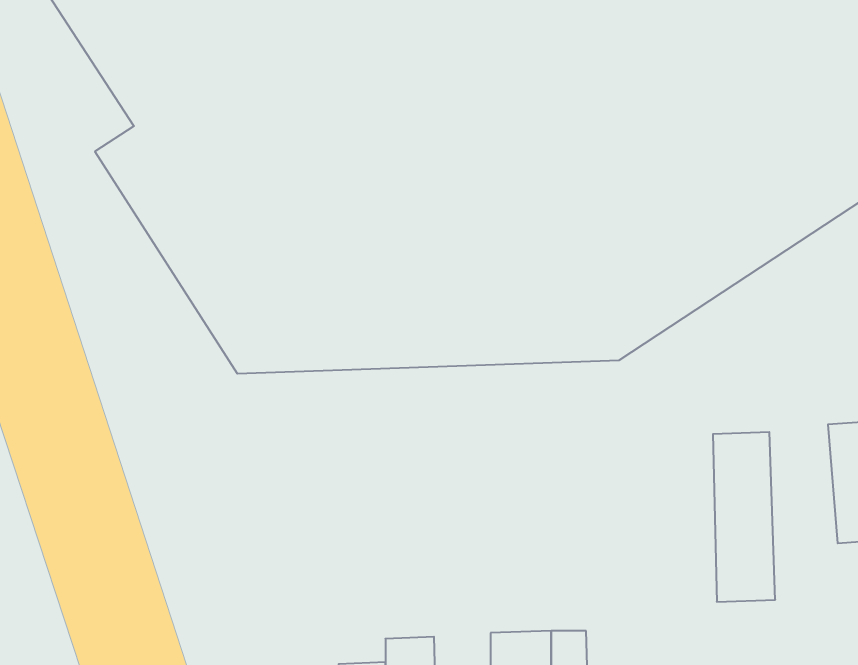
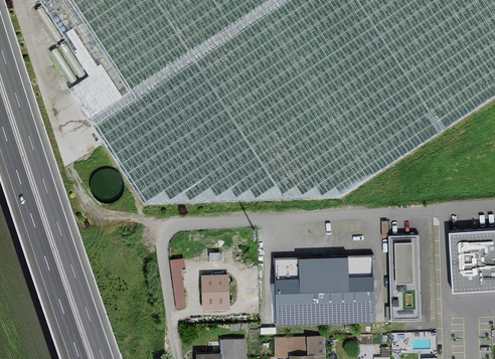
building: none -> [275,255,375,323]
building: none -> [170,256,186,307]
building: none -> [201,274,229,308]

